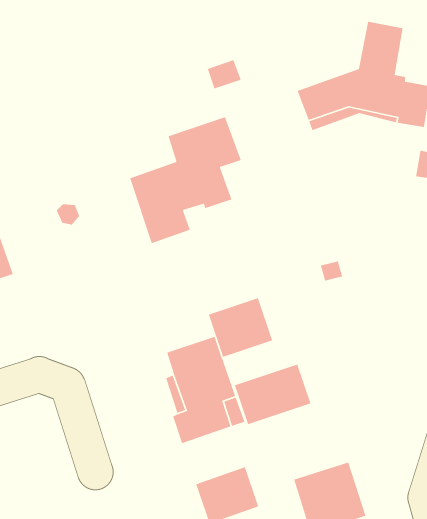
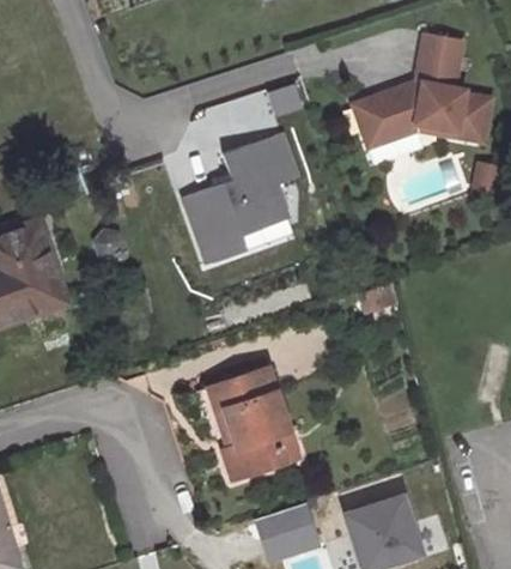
building: [208,297,273,358] -> none
building: [234,364,312,425] -> none

